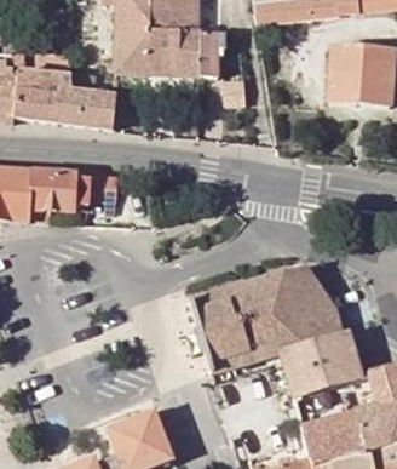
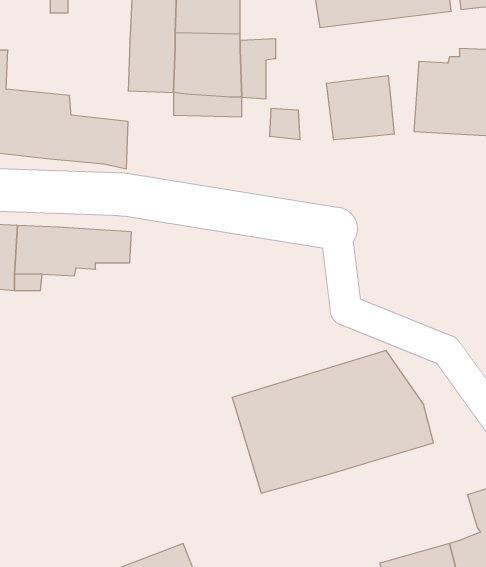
building: none -> [326,76,394,140]
building: [270,331,362,397] -> none

